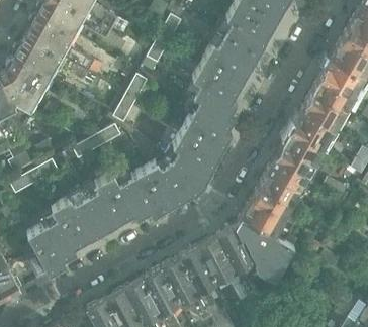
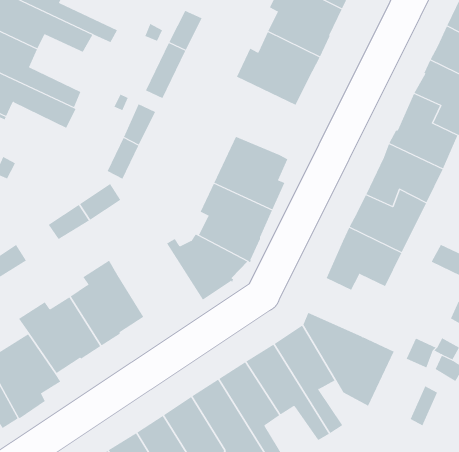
building: [193,62,241,114] -> none
building: [118,167,172,218] -> none
building: [240,195,291,235] -> none

